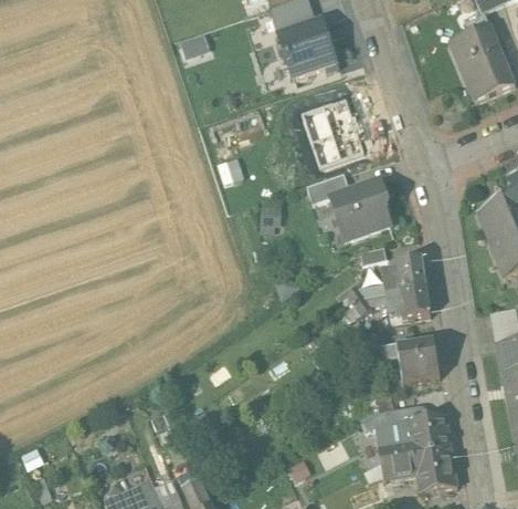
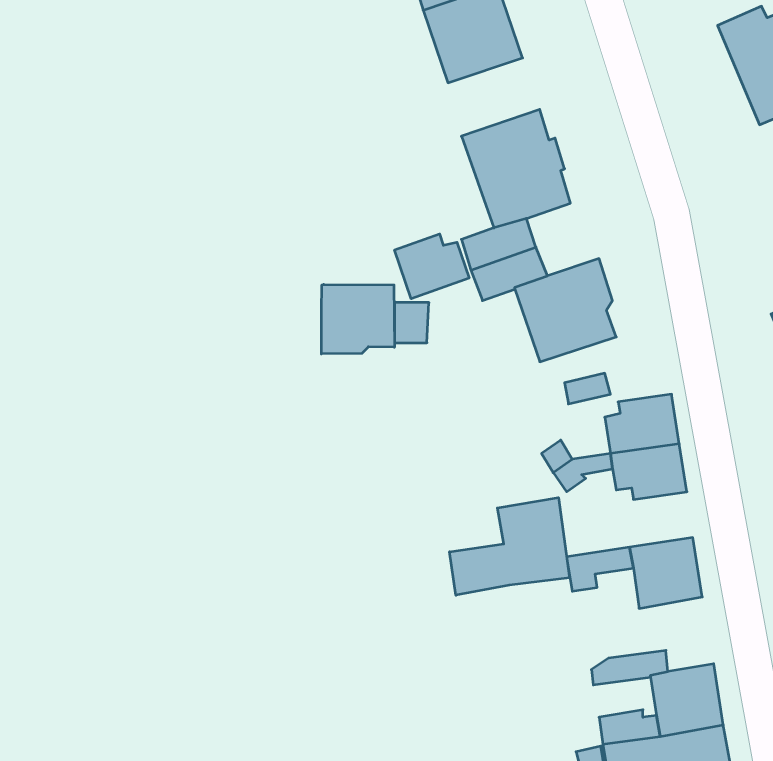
building: none -> [395,234,469,299]
building: none -> [321,284,394,354]
building: none -> [450,498,569,595]

